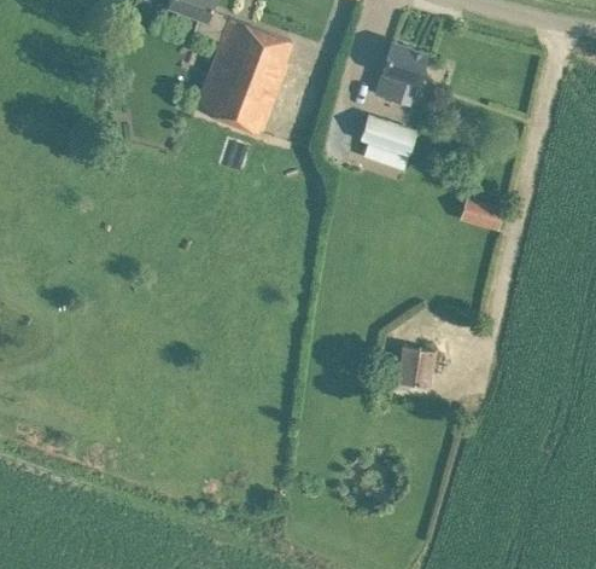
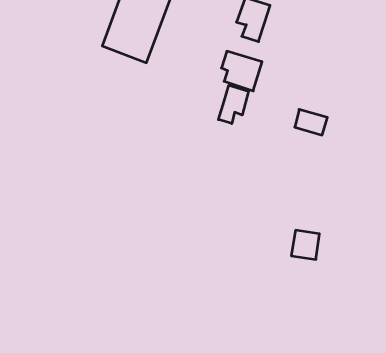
building: none -> [218,85,249,124]
building: [397,346,436,385] -> [291,230,319,259]

